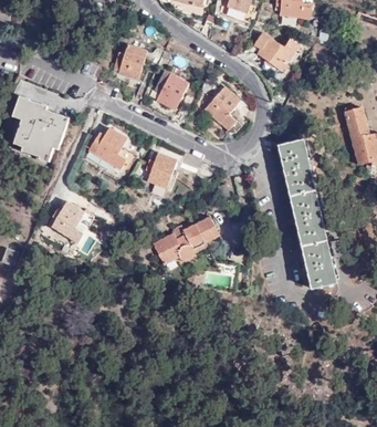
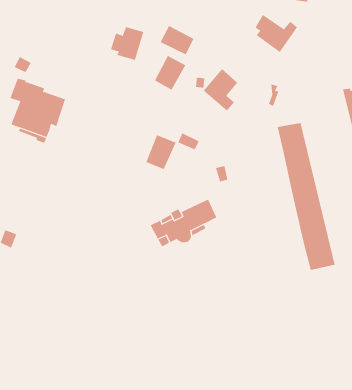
building: none -> [160,25,194,55]
building: [87,127,134,173] -> none
building: [46,200,92,242] -> none

